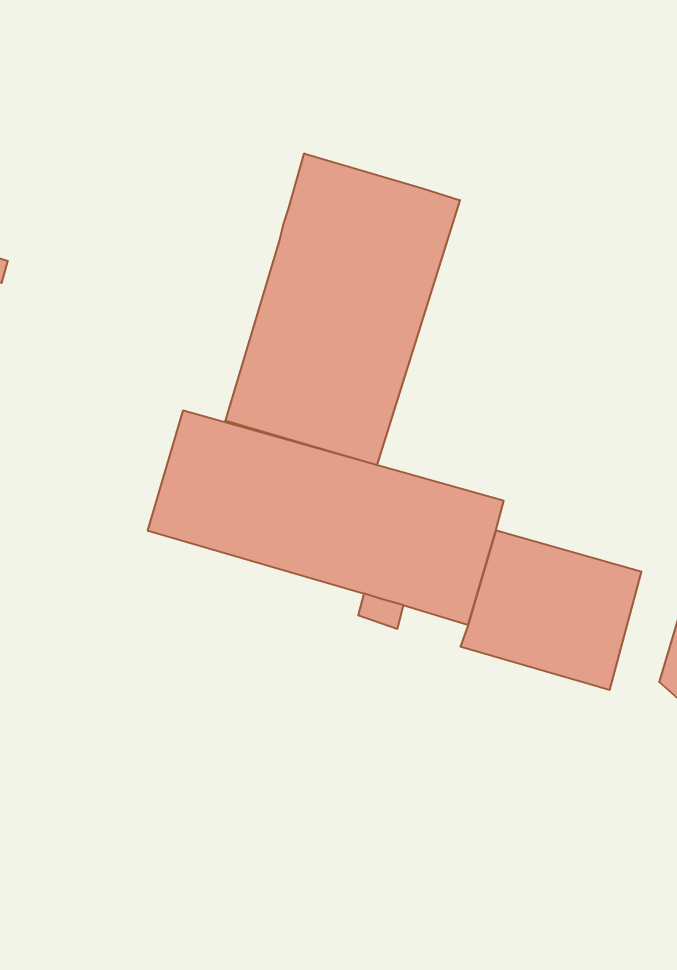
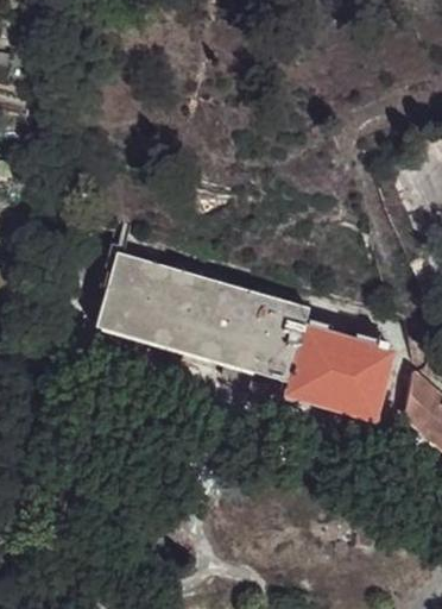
building: [225,153,460,465] -> none

